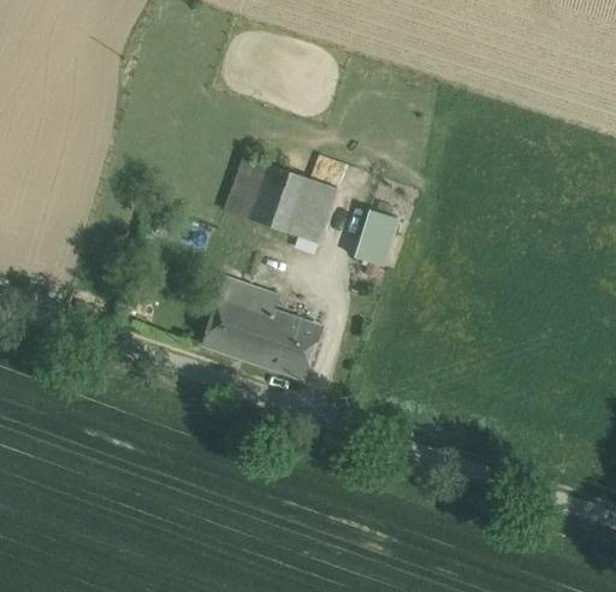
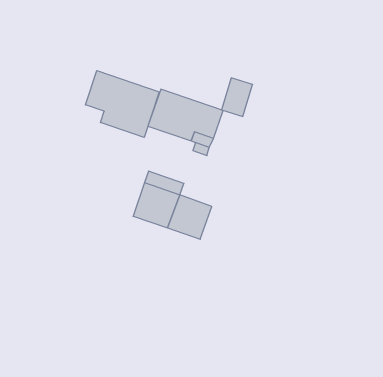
building: none -> [85,71,159,137]
building: [354,211,399,267] -> [221,78,253,116]

